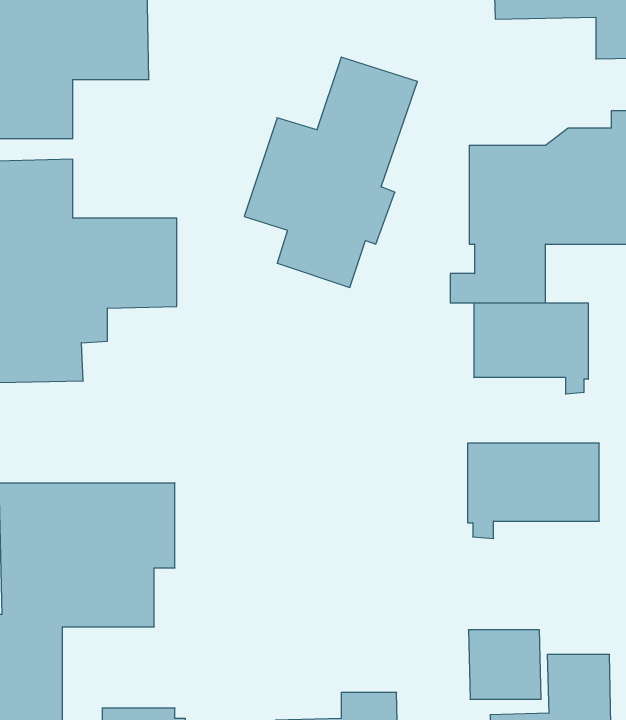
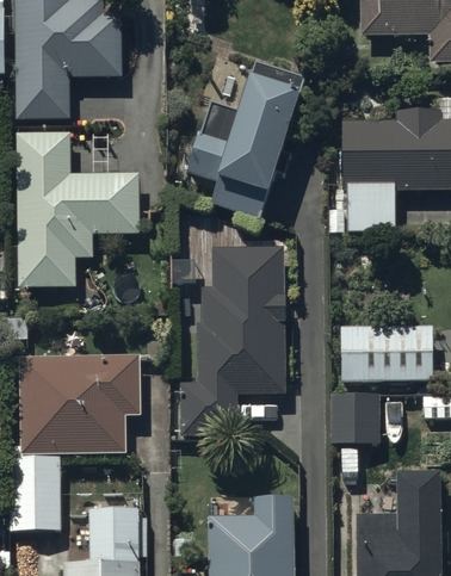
building: [474,303,588,394] -> none
building: none -> [180,247,286,435]
building: [468,630,541,699] -> [330,394,381,441]

